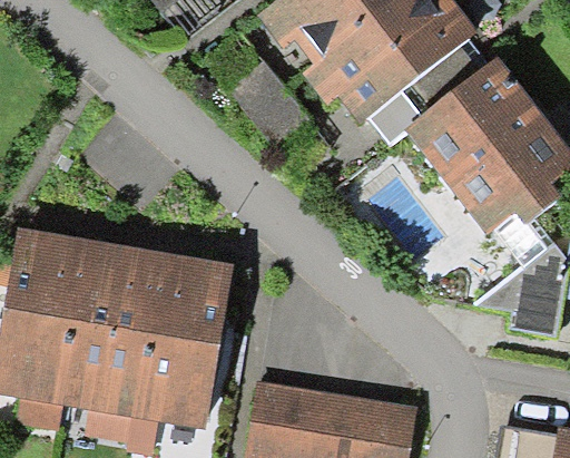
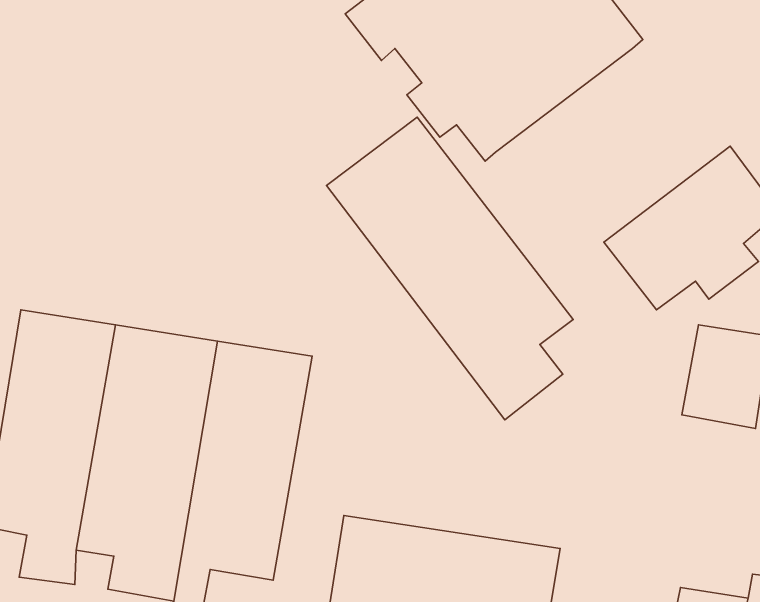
building: [368,39,542,183] -> none
building: none -> [326,117,573,420]

